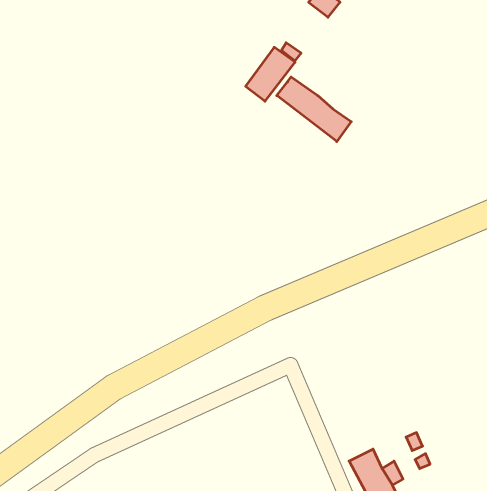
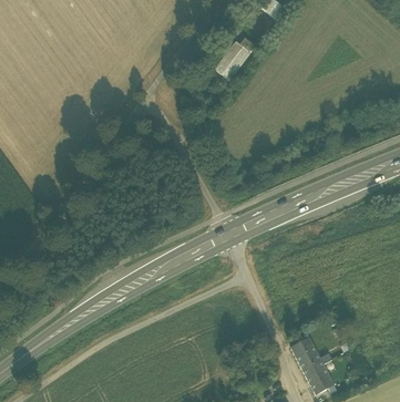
building: [277,77,351,142] -> none

